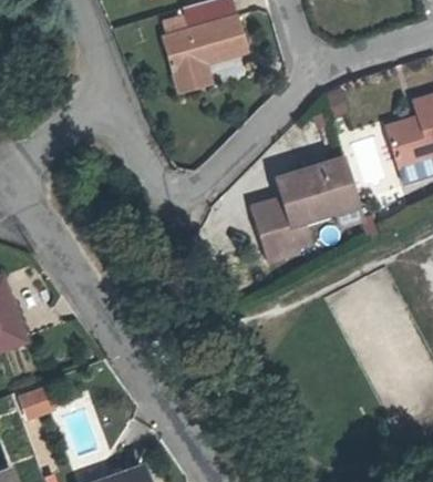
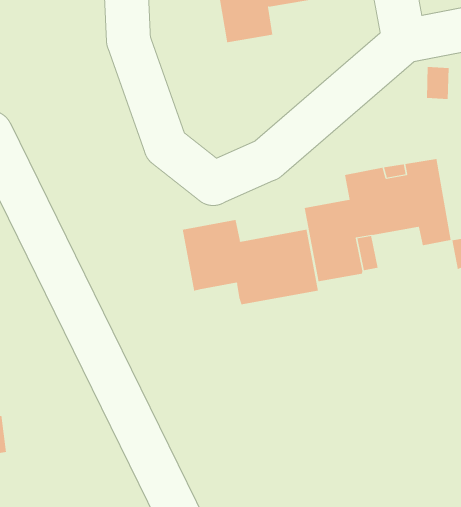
building: none -> [182,219,318,305]

